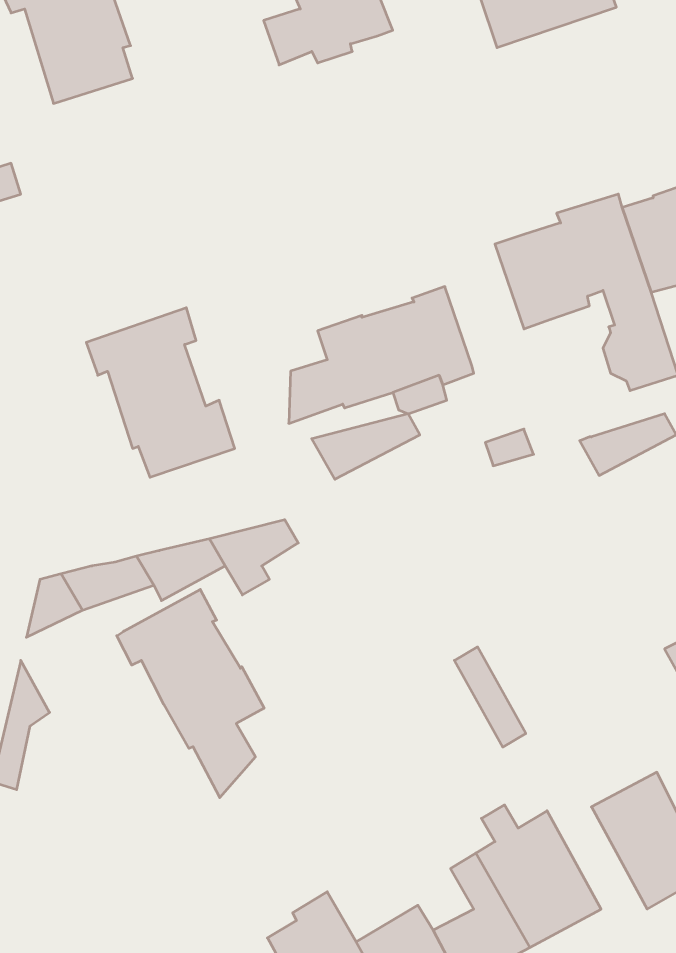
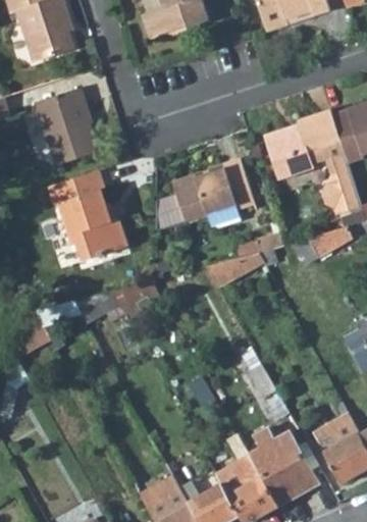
building: none -> [33,87,98,163]
building: [312,414,420,479] -> [208,253,265,288]
building: [117,589,264,798] -> none

